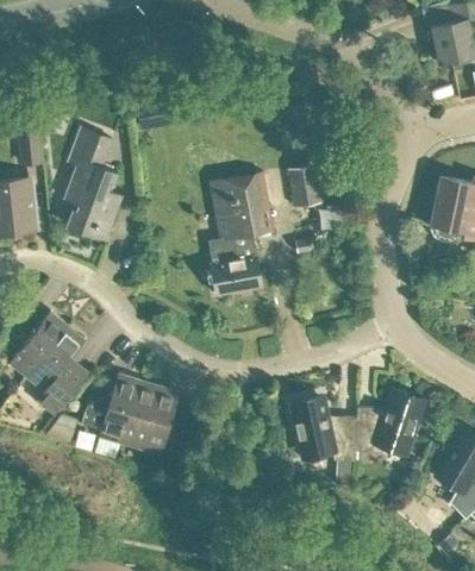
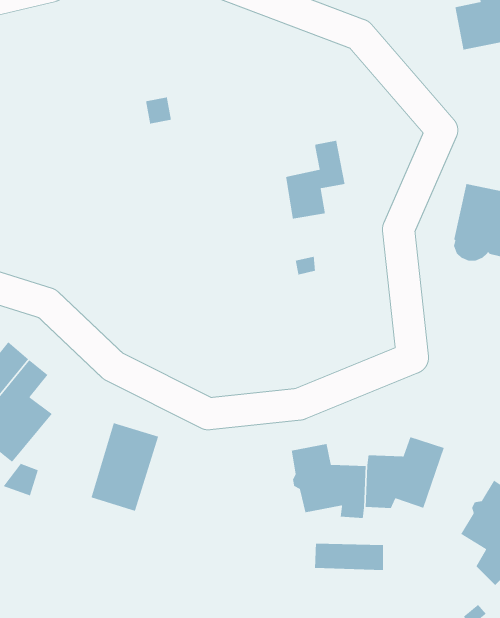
building: [64,127,121,239] -> none
building: [208,172,271,294] -> none
building: [81,372,140,444] -> none
building: none -> [314,543,384,571]

